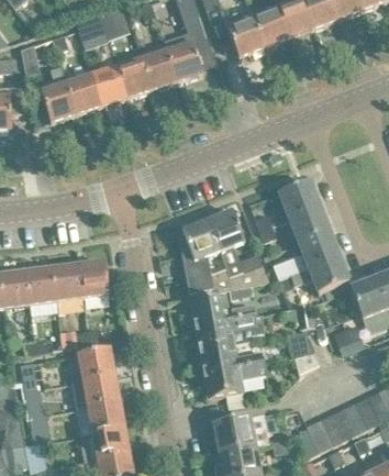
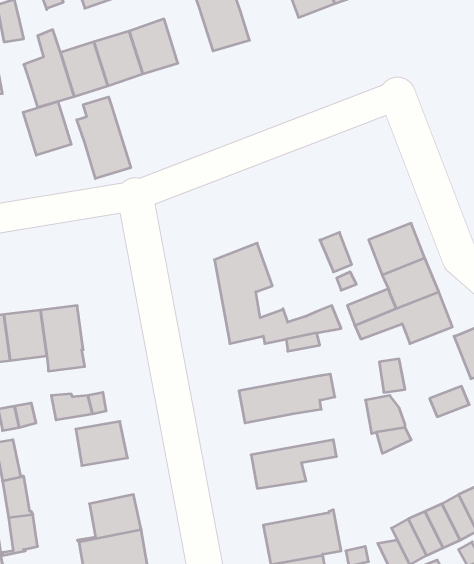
building: [142,51,177,90] -> none
building: none -> [77,97,131,179]
building: none -> [23,101,71,155]
building: [279,181,320,218] -> none
building: [209,210,245,277] -> none
building: [79,262,109,297] -> none
building: [191,296,255,326] -> none
building: [200,343,264,373] -> none
building: [71,375,120,410] -> none

